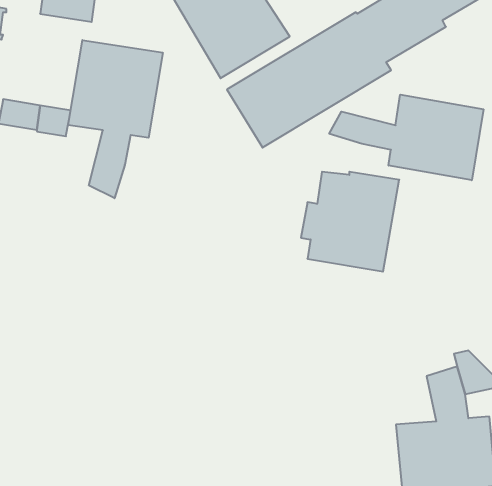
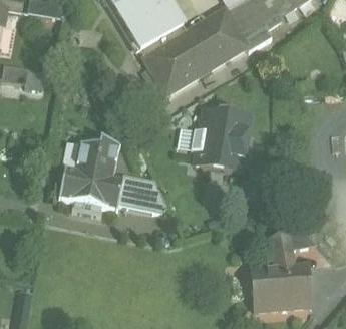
building: [68,40,163,198] -> none
building: [329,95,483,180] -> none
building: none -> [59,140,166,216]

